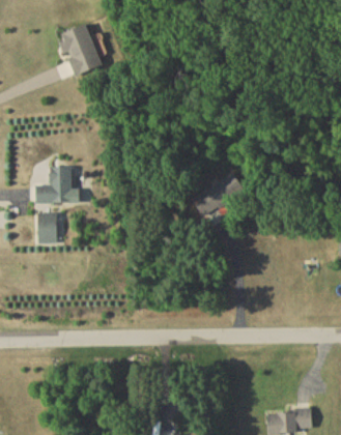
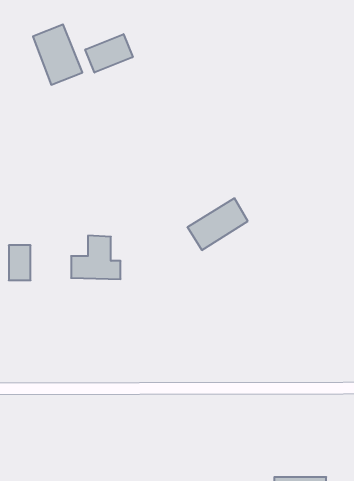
building: none -> [85,34,133,73]
building: [36,166,79,203] -> [71,236,121,279]

